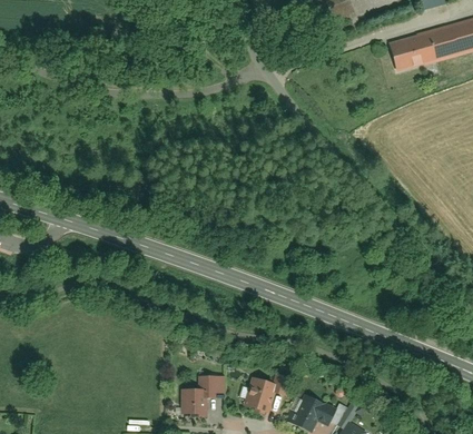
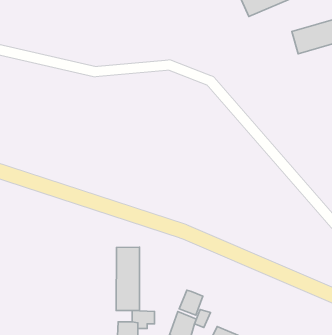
building: none -> [116,247,139,311]
building: none -> [179,290,203,315]

